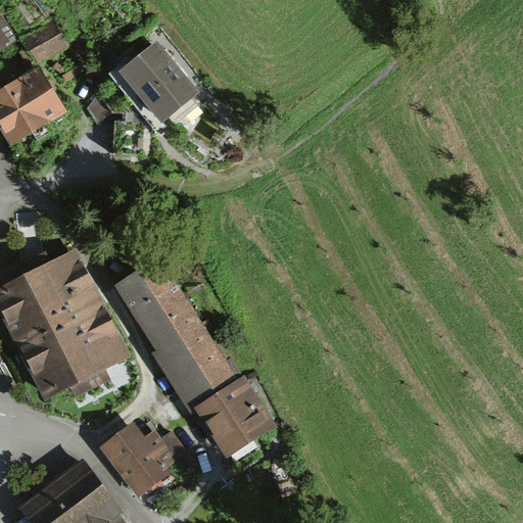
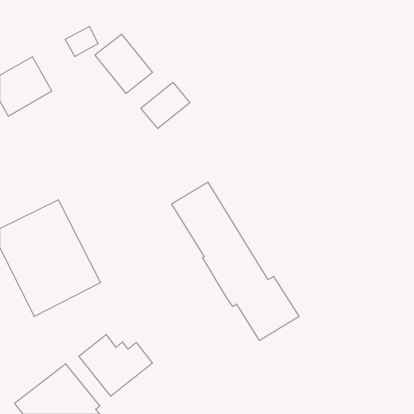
building: [29,22,70,60] -> [65,27,98,57]
building: none -> [141,82,190,129]
building: [115,257,276,457] -> [172,182,299,341]

